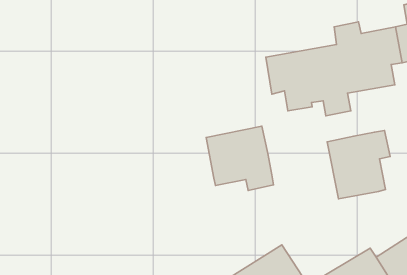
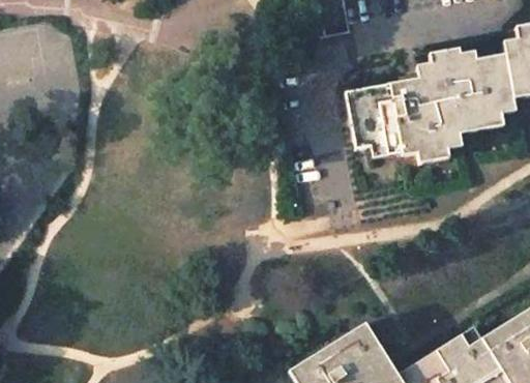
building: [206,126,274,190] -> none
building: [327,130,390,199] -> none

